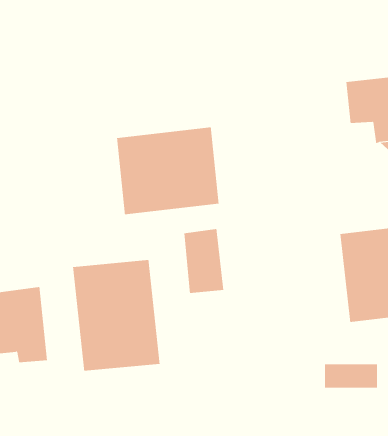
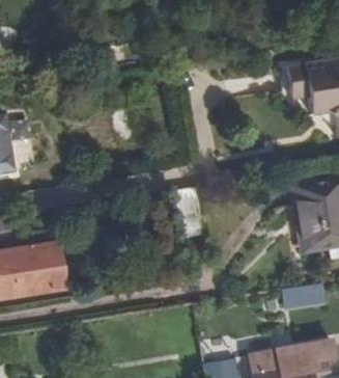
building: [117,127,219,215] -> none
building: [73,259,160,372] -> none

